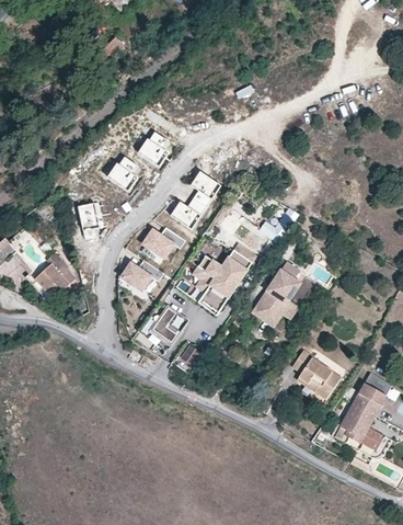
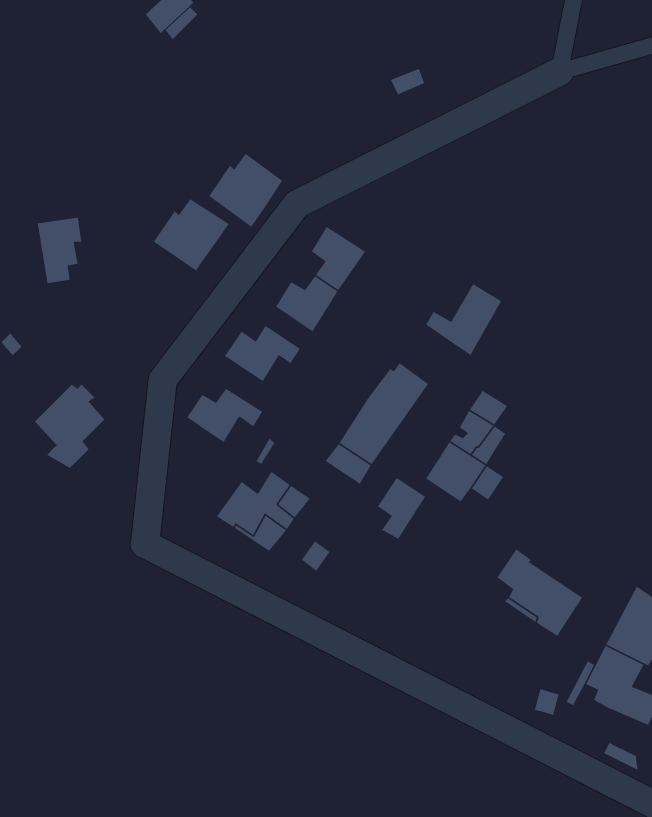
building: [78,203,103,240] -> [37,217,82,284]
building: [193,256,220,292] -> [377,477,426,540]

